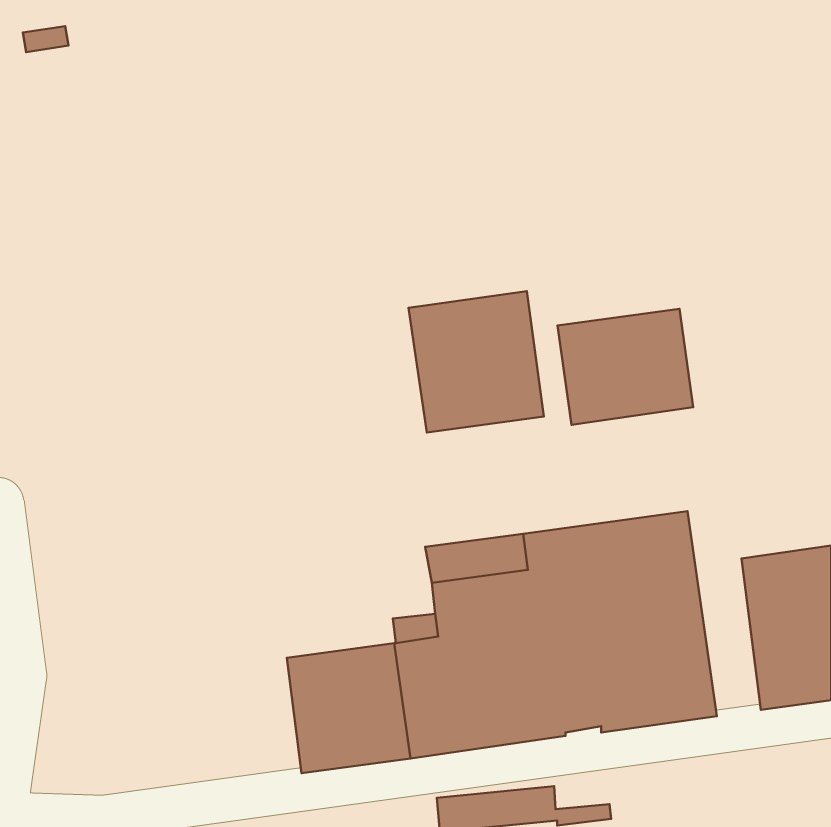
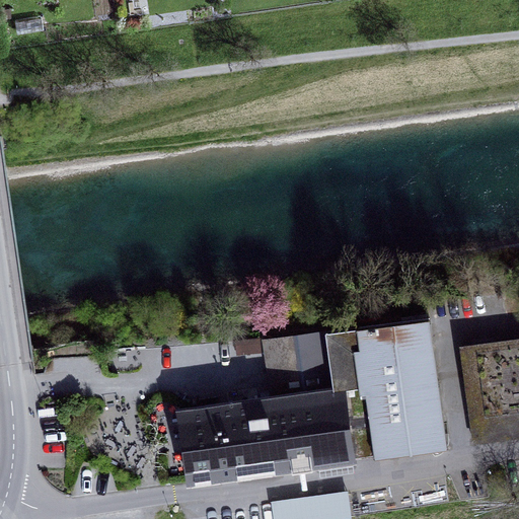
building: [408,291,544,433] -> none
building: [558,309,693,425] -> none

